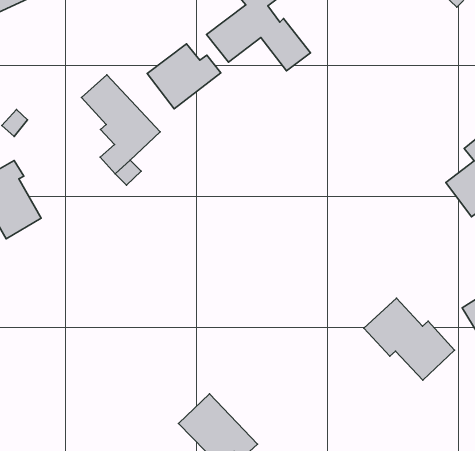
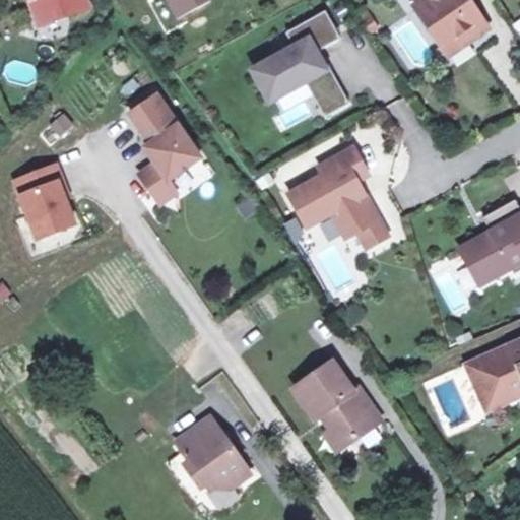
building: [147,44,221,109] -> none
building: none -> [292,146,392,246]
building: [364,298,454,380] -> [291,359,376,441]

